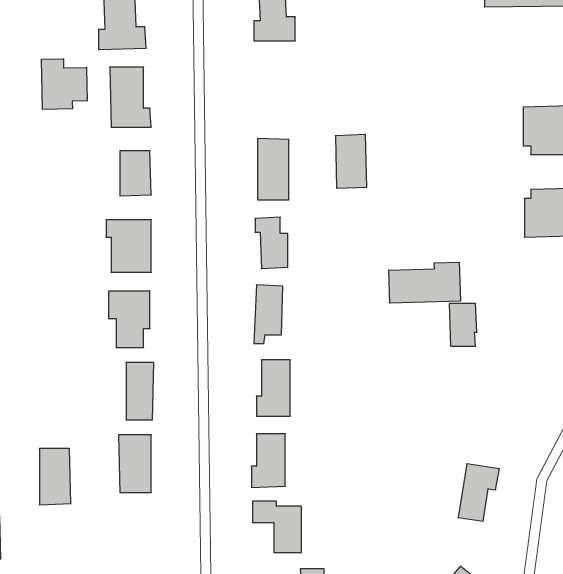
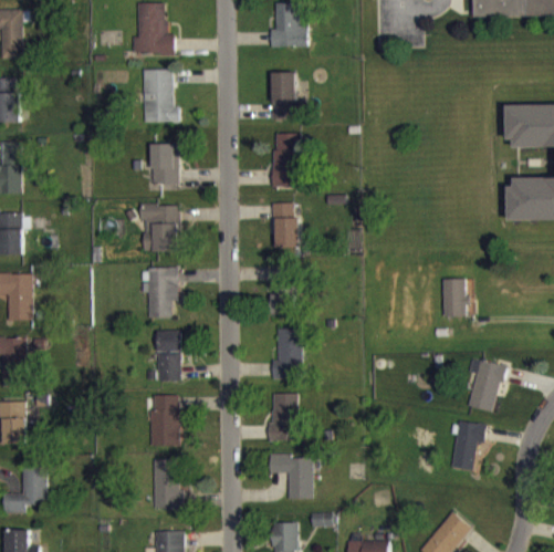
building: [41,59,87,109] -> none
building: [335,134,367,188] -> [271,72,299,119]
building: [389,262,460,303] -> none
building: none -> [468,357,504,412]
building: [39,449,71,505] -> [153,459,180,509]

